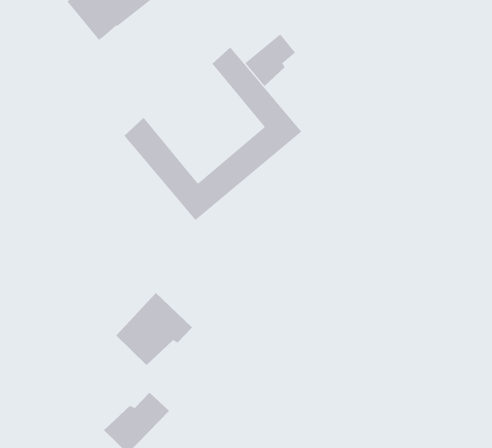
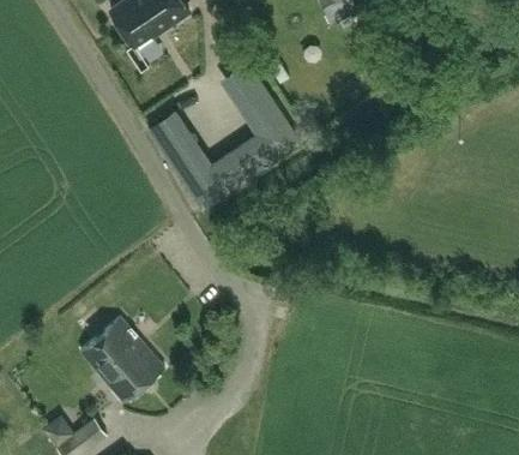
building: [245,33,296,87] -> none
building: [115,292,193,366] -> [80,318,147,381]

